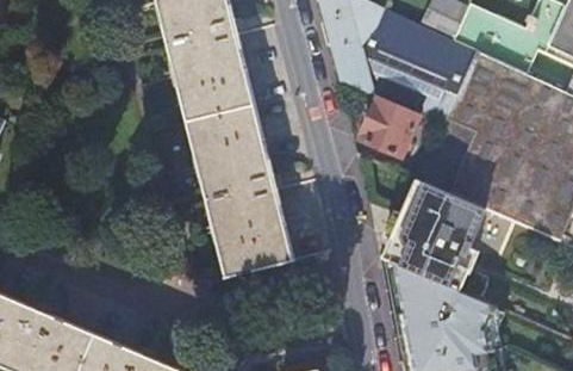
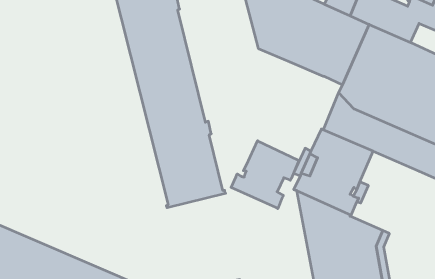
building: [362,98,419,159] -> none
building: none -> [231,141,299,209]

